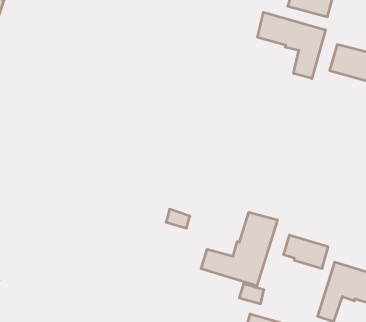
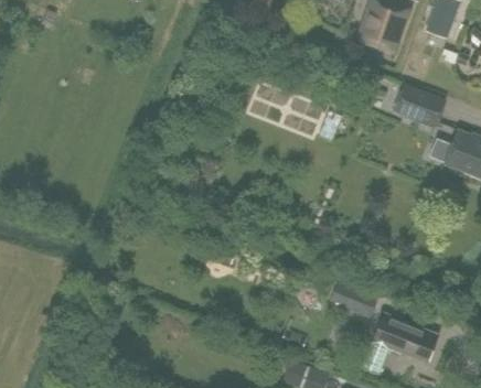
building: [258,12,325,79] -> none
building: [201,212,277,286] -> none

